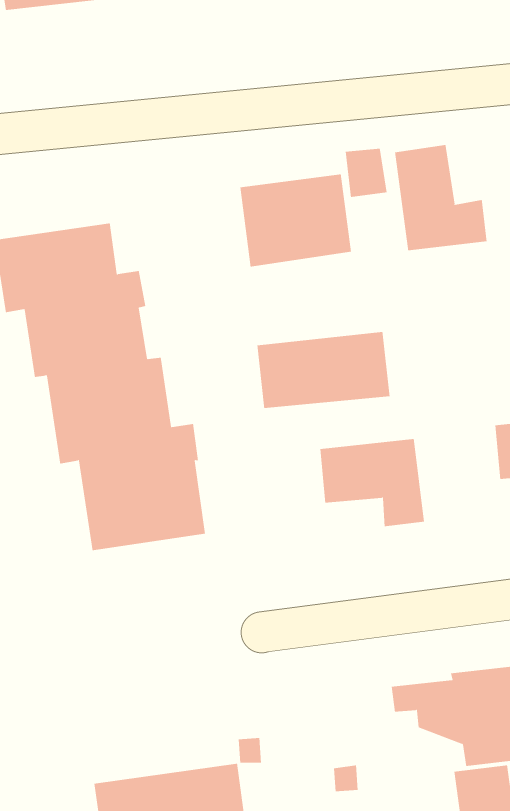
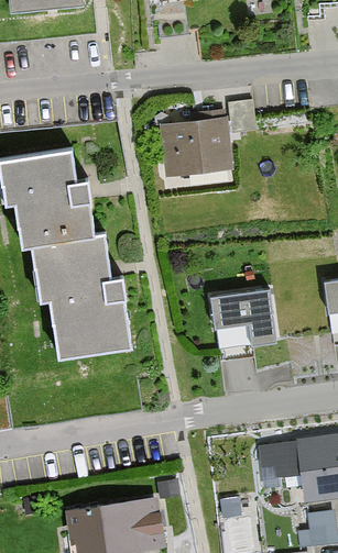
building: [394,144,487,251] -> none
building: [257,331,390,409] -> none

